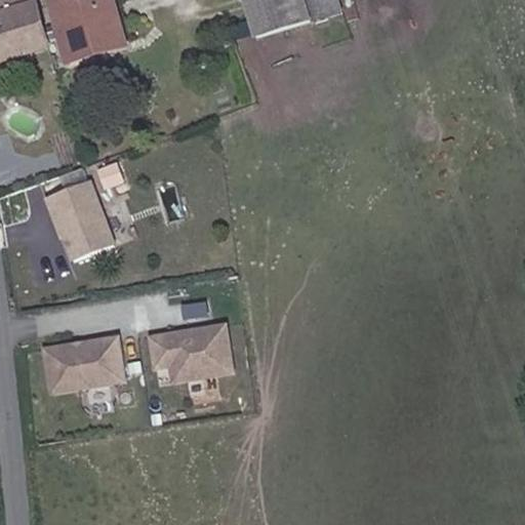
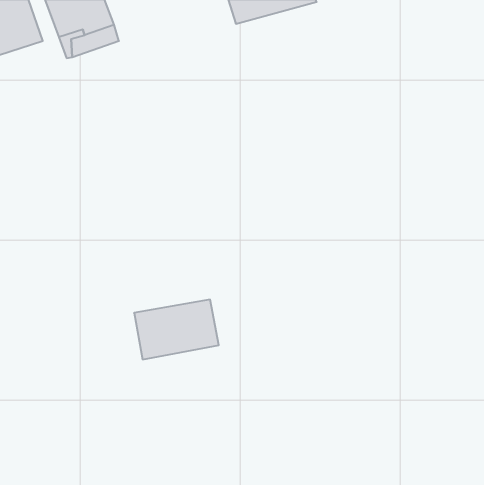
building: [44,180,114,261] -> none
building: [39,335,123,394] -> none

